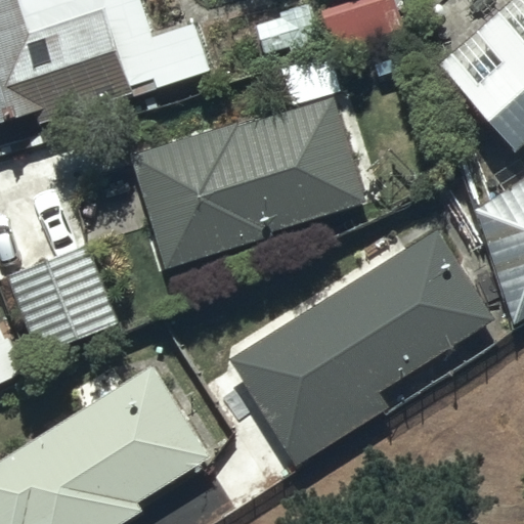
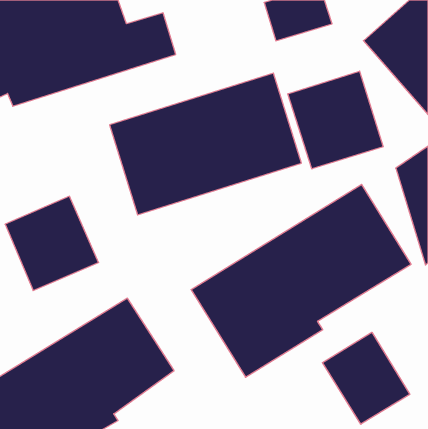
building: none -> [288,71,383,169]
building: none -> [322,332,410,424]

